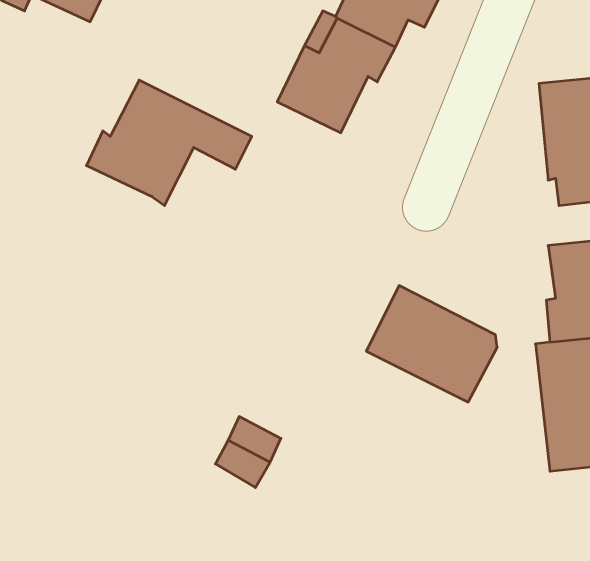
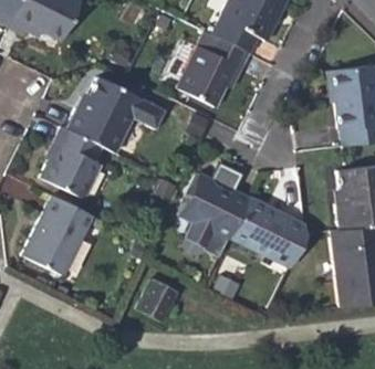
building: none -> [40,125,100,196]
building: none -> [181,162,250,240]
building: none -> [21,192,90,272]

